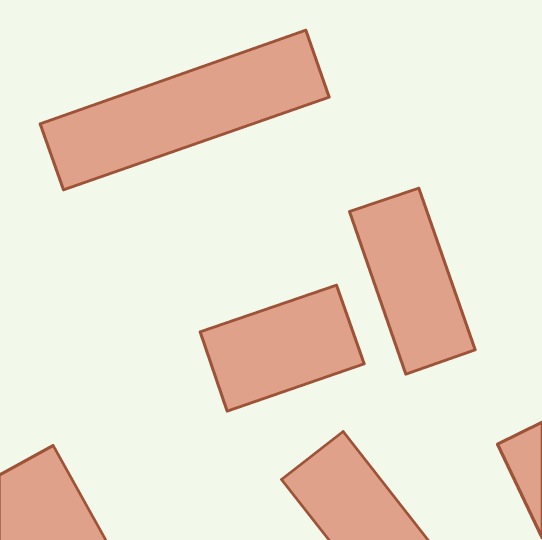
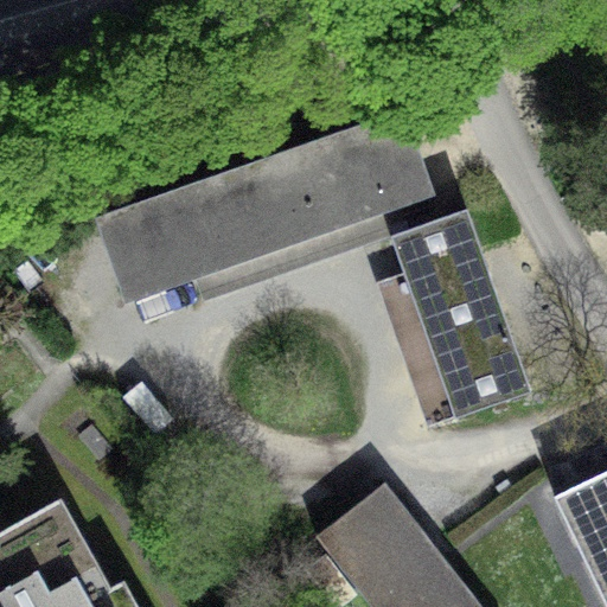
building: [40,30,329,190] -> [102,120,424,298]
building: [200,285,364,411] -> none

